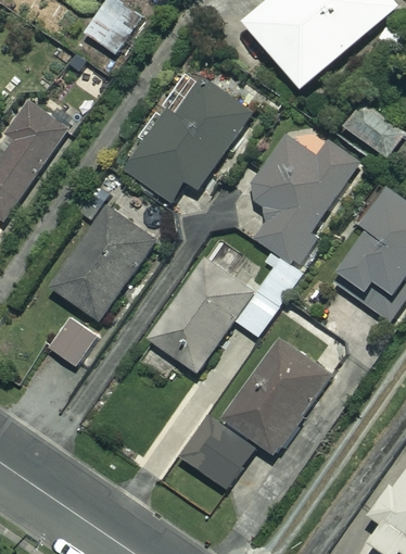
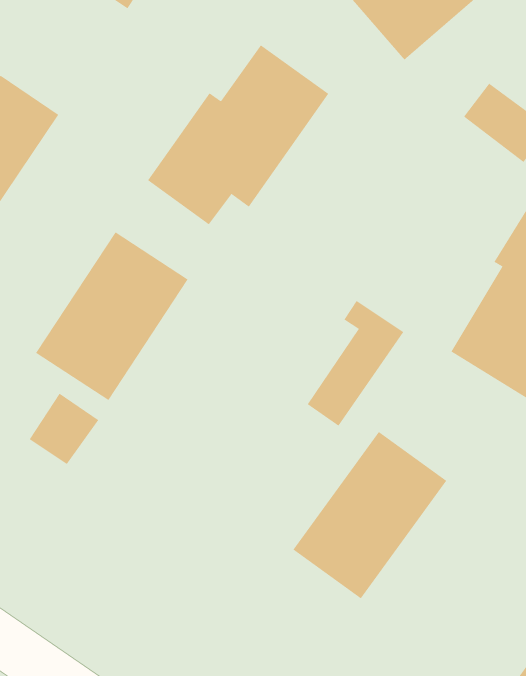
building: [245,135,357,261] -> none
building: [148,257,253,372] -> none
building: [178,413,257,490] -> none

